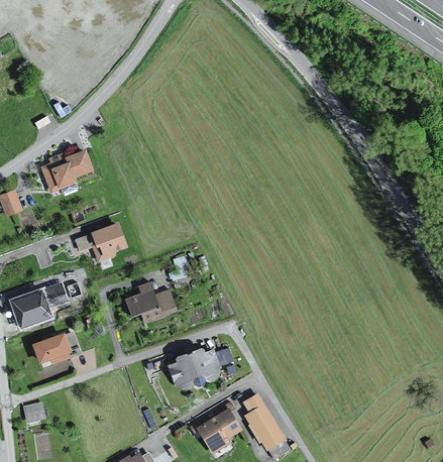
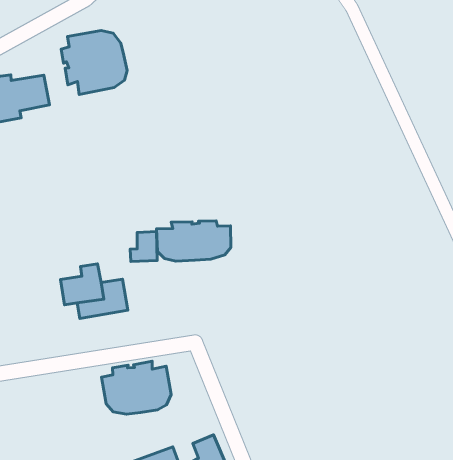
building: none -> [61,30,127,95]
building: [74,223,129,262] -> none
building: none -> [157,221,231,261]

